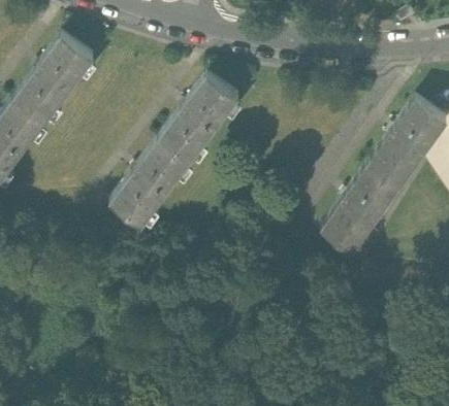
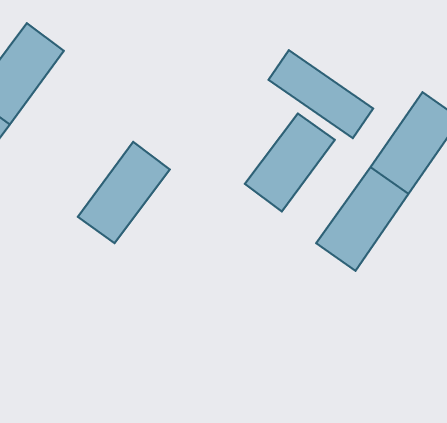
building: none -> [269,50,373,138]
building: [157,75,237,163] -> [245,113,335,211]

